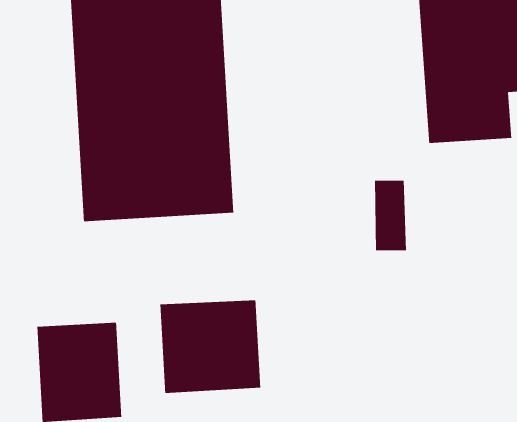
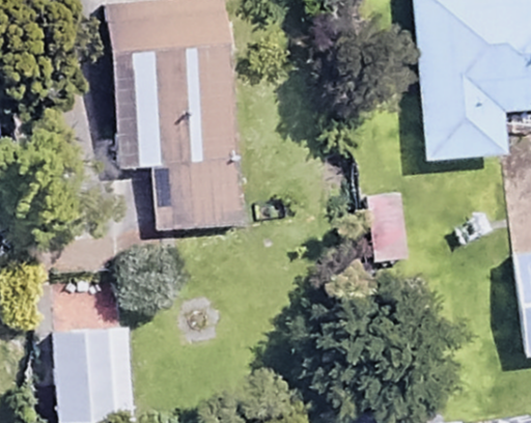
building: [160,299,261,394] -> none

